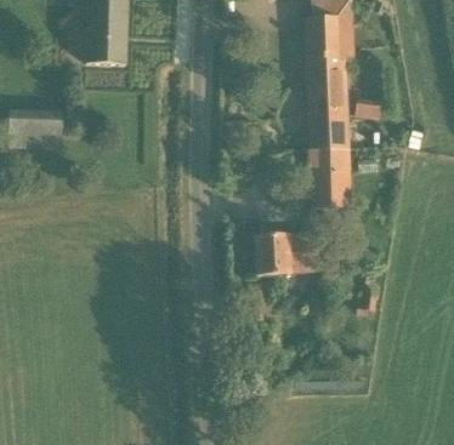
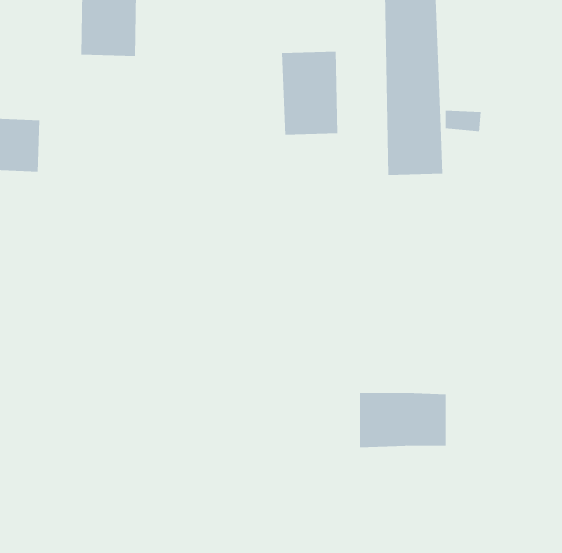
building: [310,148,351,209] -> [281,51,338,135]
building: [256,235,319,275] -> [359,392,446,448]

